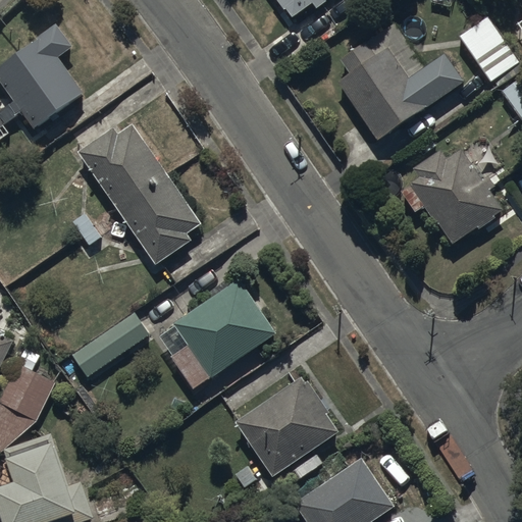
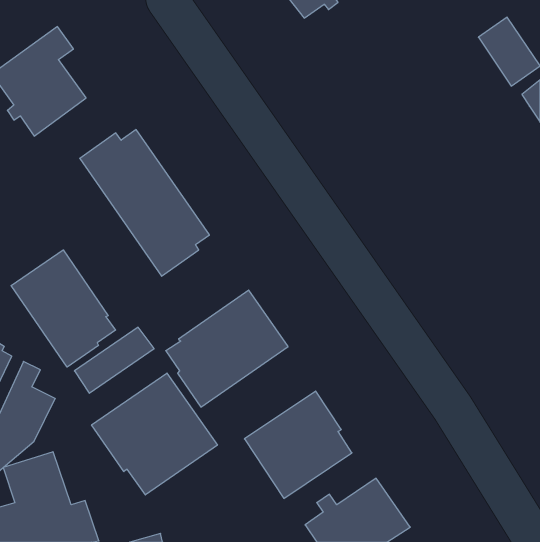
building: [335,22,464,142] -> none
building: [399,149,503,244] -> none
building: none -> [11,250,116,367]
building: none -> [92,373,217,495]

